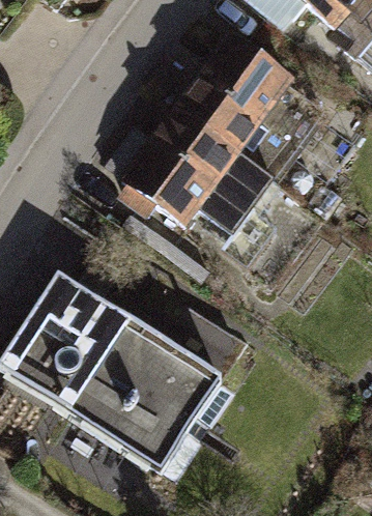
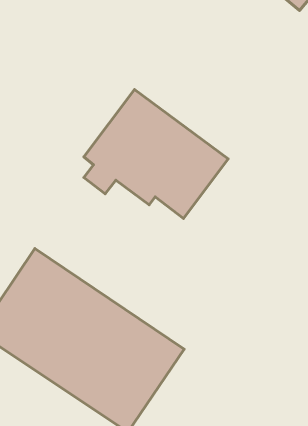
building: [170,28,321,179] -> none

